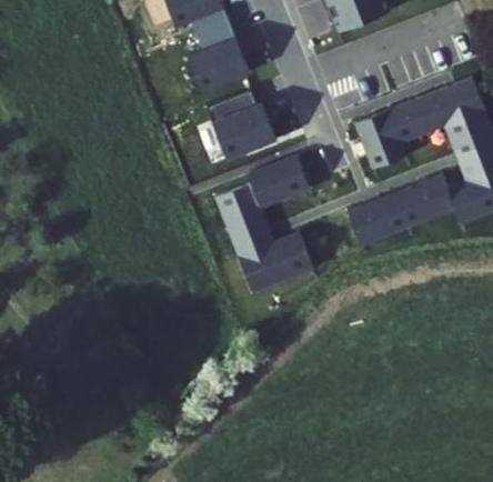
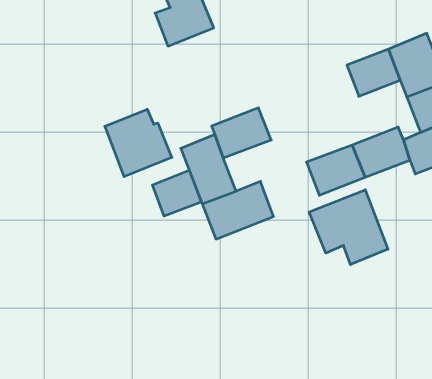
building: [207,89,276,159] -> [105,109,172,177]
building: [354,111,406,170] -> none
building: none -> [152,170,201,216]
building: none -> [309,190,388,265]

